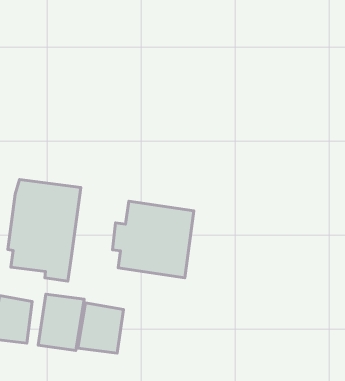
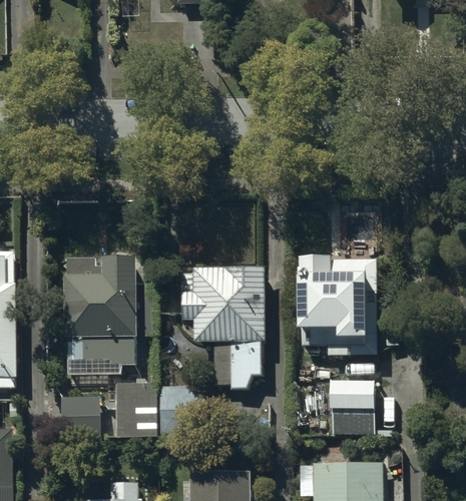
building: none -> [300,249,379,350]
building: none -> [210,346,260,389]
building: none -> [330,392,373,436]

